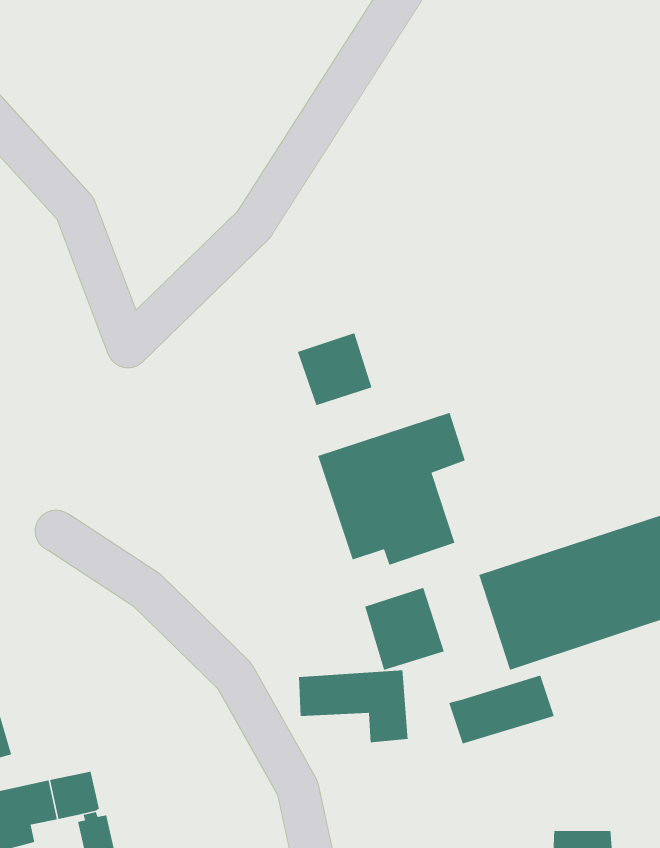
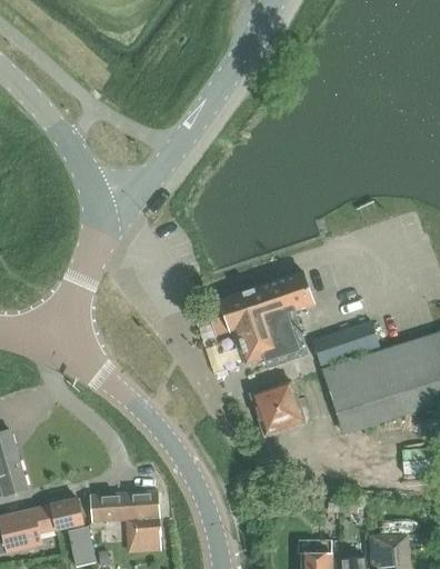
building: [297,332,372,406] -> none
building: [298,670,408,743] -> [90,489,160,536]
building: [448,674,555,744] -> [313,321,381,366]

